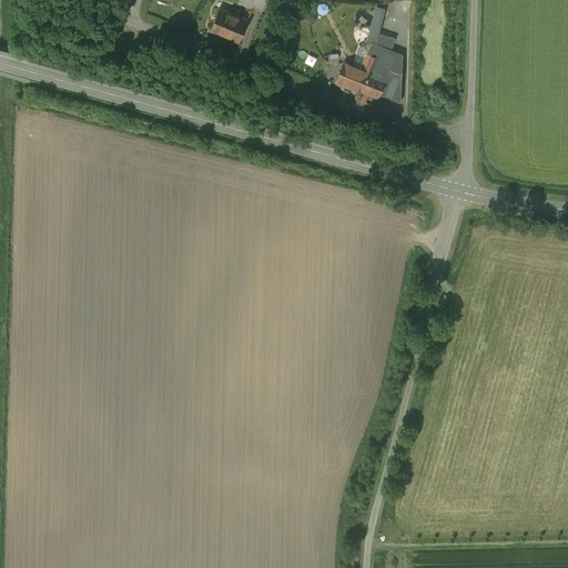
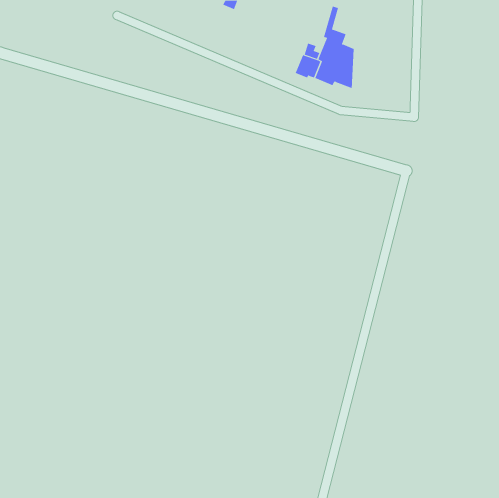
building: [211,10,247,42] -> none

